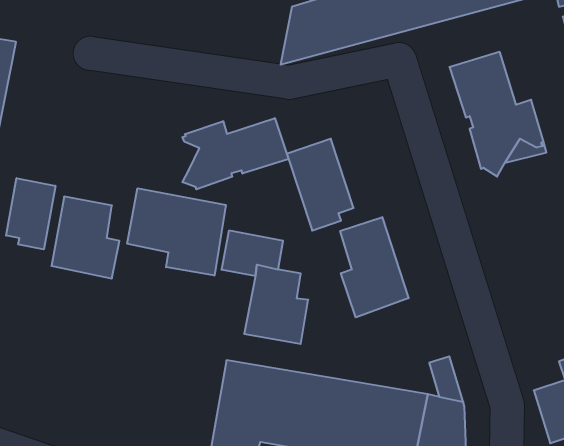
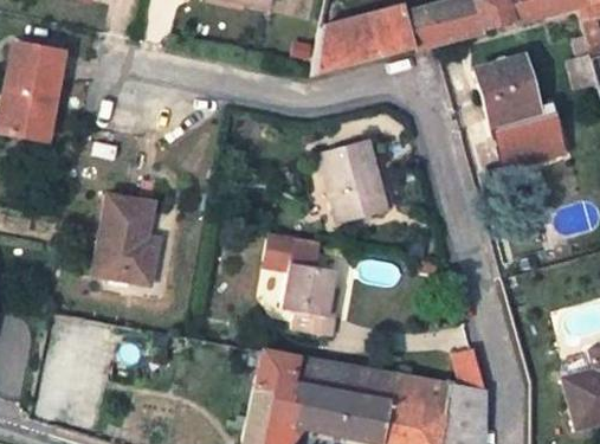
building: [182,118,289,189] -> none
building: [6,178,55,249] -> none
building: [127,188,226,276] -> none
building: [340,217,409,317] -> none

